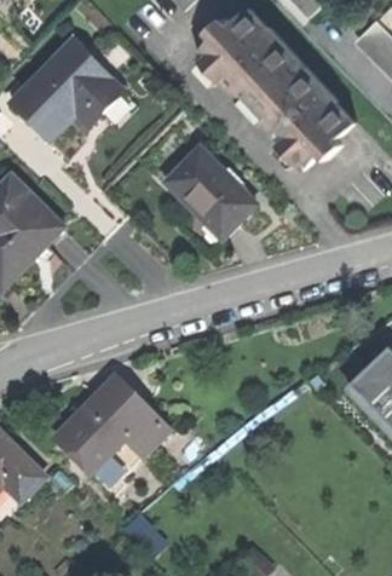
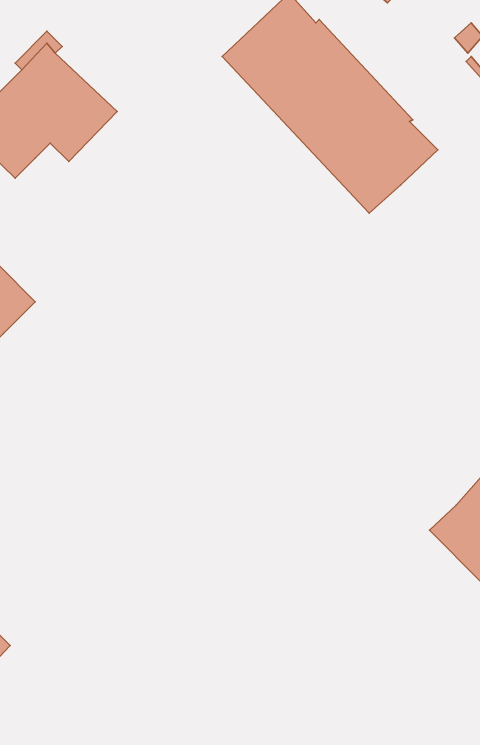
building: [165,144,256,236] -> none
building: [57,378,167,488] -> none

